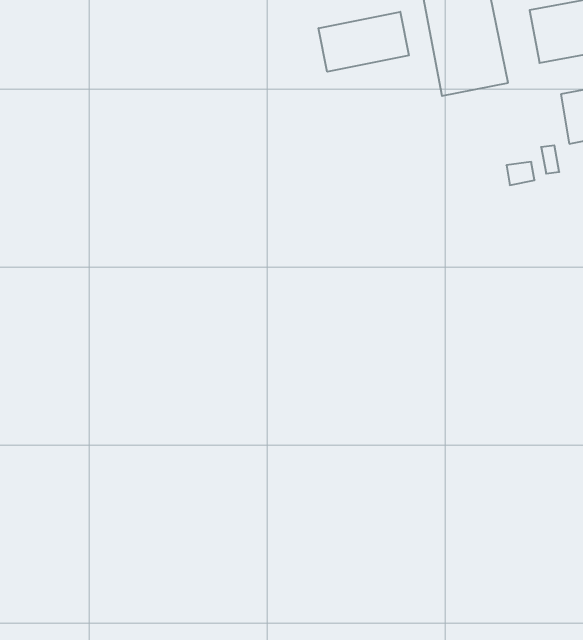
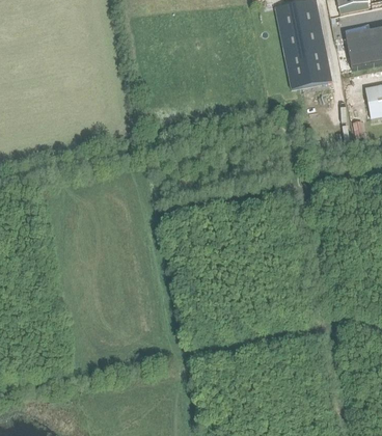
building: [319,12,409,72] -> none

